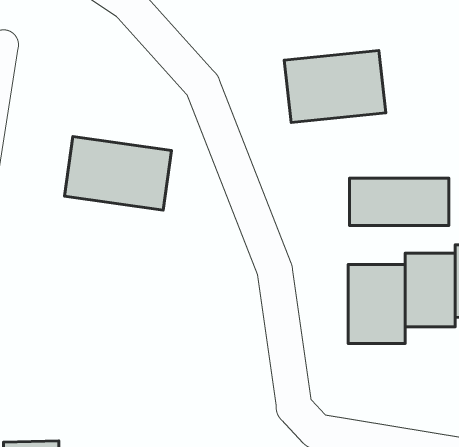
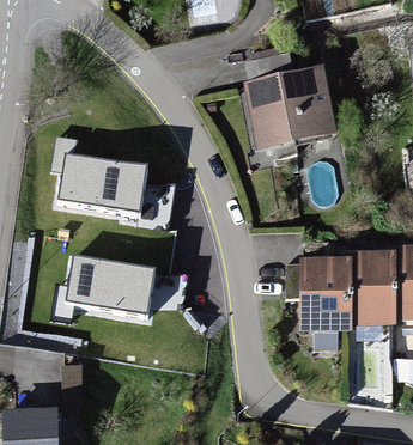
building: [349,178,449,225] -> none
building: none -> [69,254,160,318]

